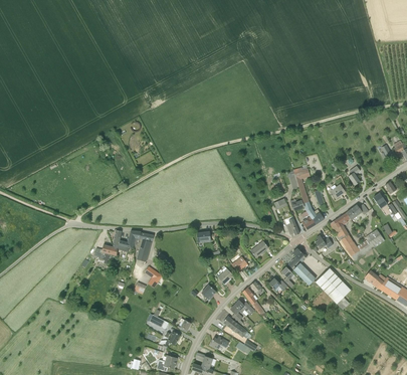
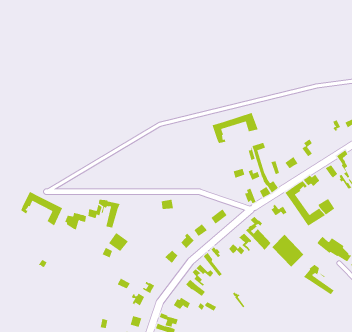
building: none -> [212,112,258,144]
building: none -> [21,191,63,226]
building: none -> [303,264,335,295]

